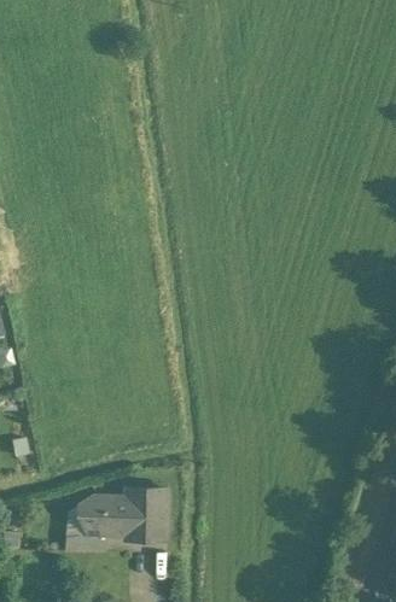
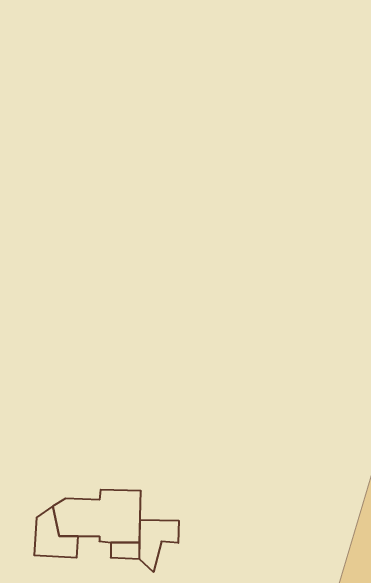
building: none -> [140,520,179,572]

